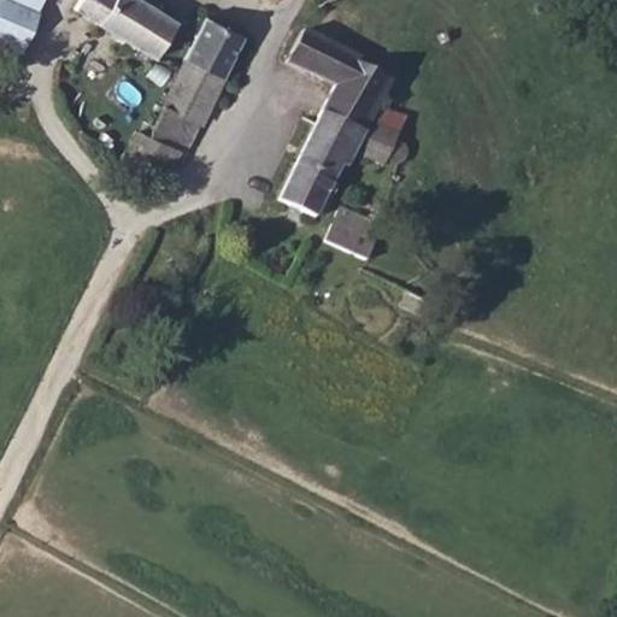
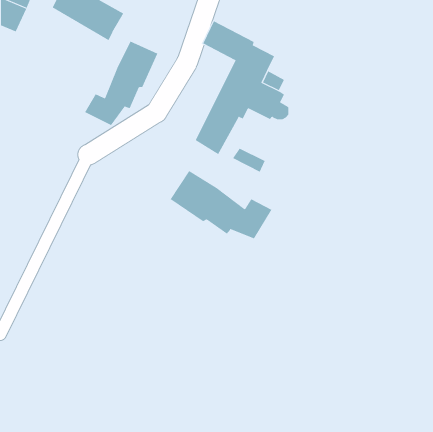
building: [187,16,246,76] -> none
building: none -> [170,170,272,239]

